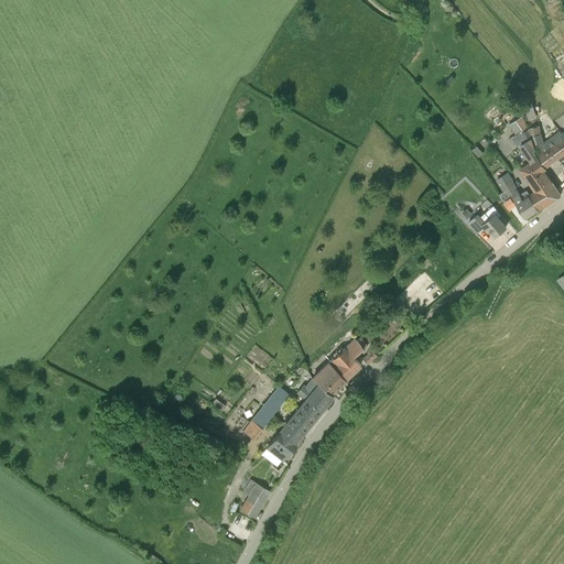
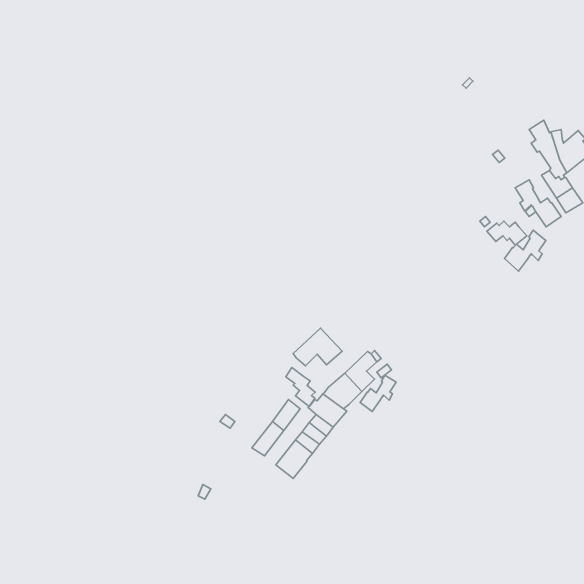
building: none -> [504,230,546,271]
building: none -> [293,328,342,366]
building: none -> [286,368,315,406]
building: none -> [360,375,396,412]
building: [240,481,271,519] -> none

